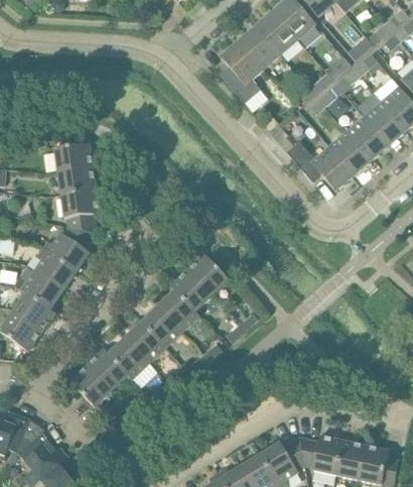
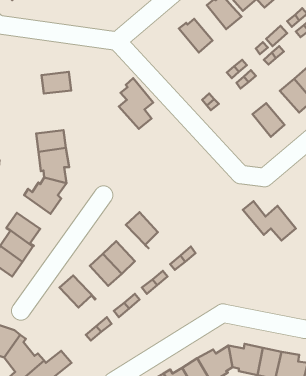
building: [256,10,296,54] -> none
building: [219,39,262,103] -> [119,78,153,129]
building: [347,118,388,160] -> none
building: [286,141,353,191] -> [243,201,296,240]
building: [54,144,92,171] -> [42,72,71,94]
building: [33,249,76,291] -> none
building: [187,254,228,295] -> none
building: [158,286,198,332] -> none
building: [104,338,148,379] -> none
building: [70,365,111,407] -> none

